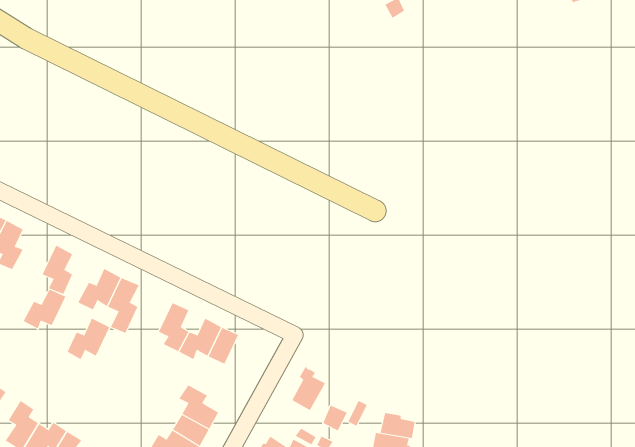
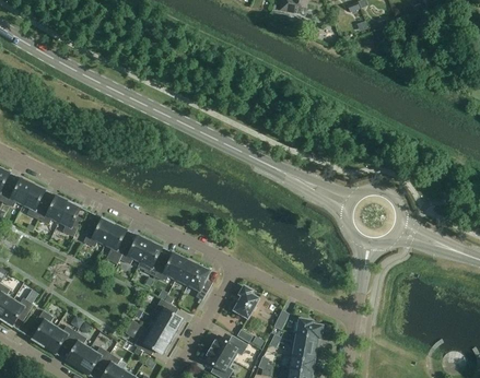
building: [23,289,66,329] -> [37,196,68,224]
building: [64,318,110,360] -> [117,235,150,264]
building: none -> [187,264,210,300]

